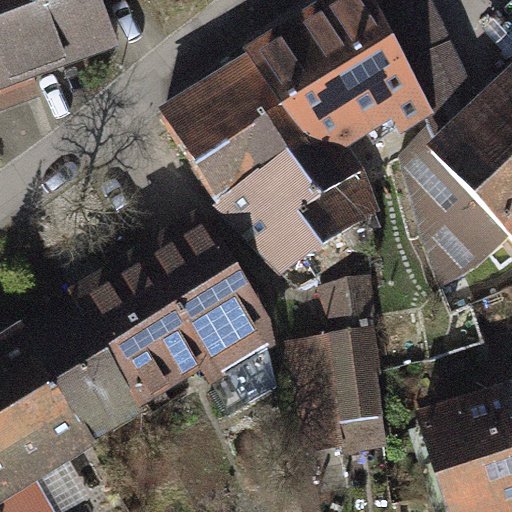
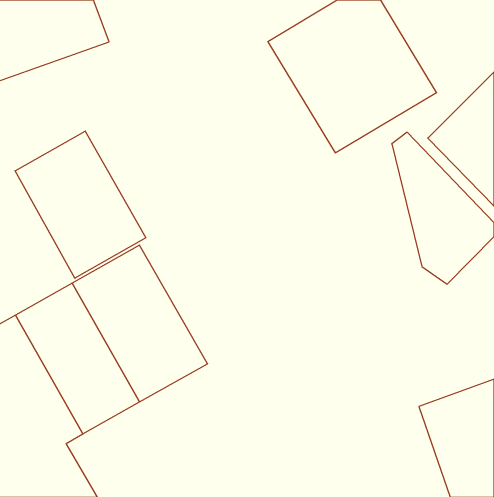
building: [170,54,345,282] -> none
building: none -> [15,131,146,278]
building: [143,215,277,405] -> none
building: [285,276,387,457] -> none

